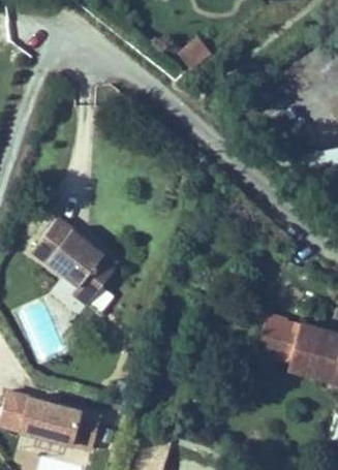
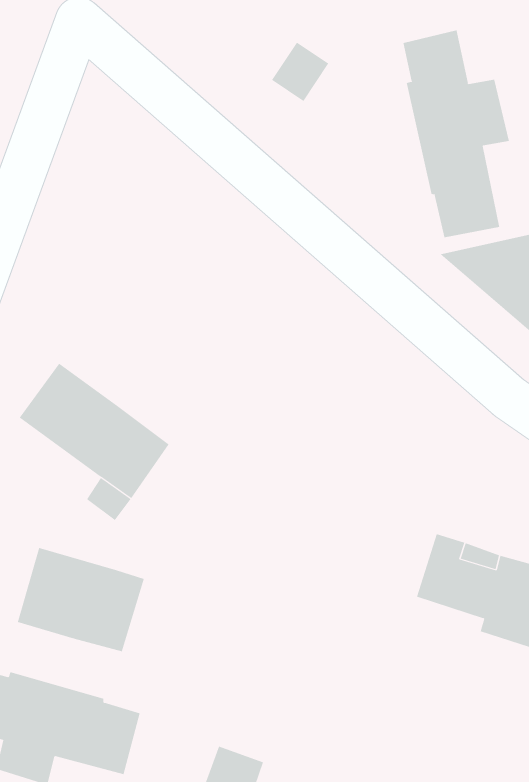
building: none -> [403,30,509,238]
building: none -> [17,547,145,652]

